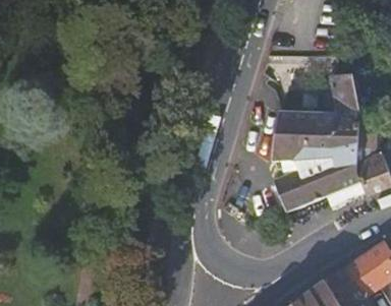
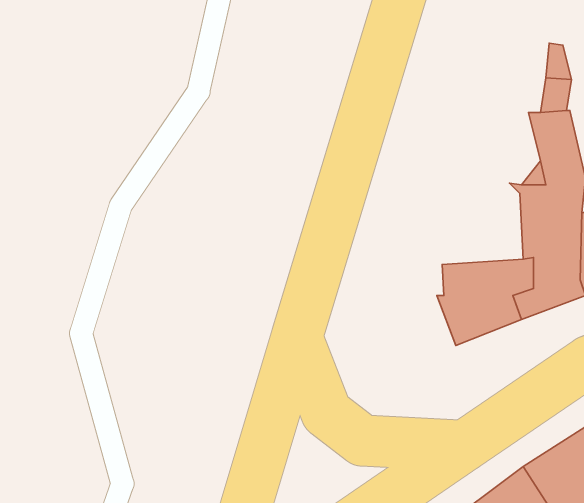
building: [272,111,326,160] -> none

